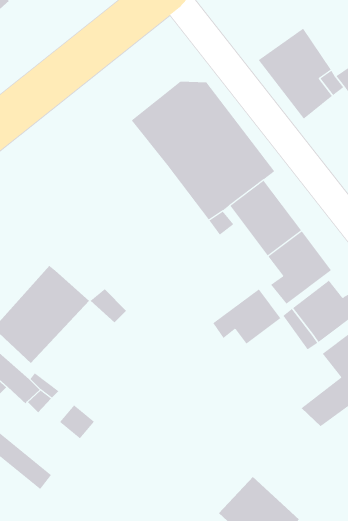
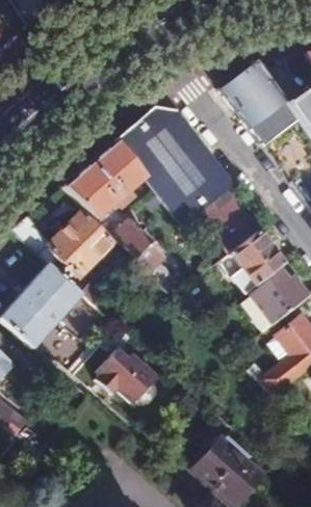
building: none -> [61,140,177,295]
building: none -> [12,212,110,275]
building: [213,288,281,345] -> none
building: none -> [93,349,154,403]

